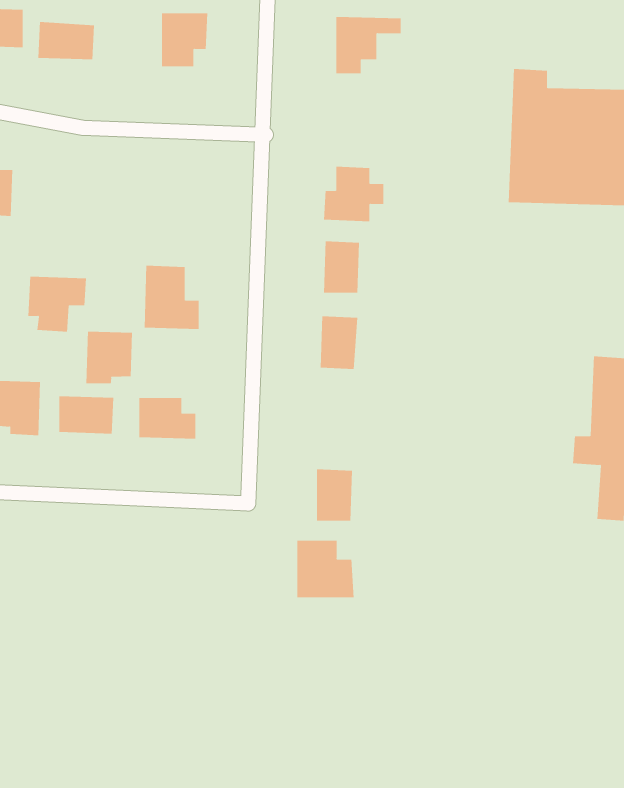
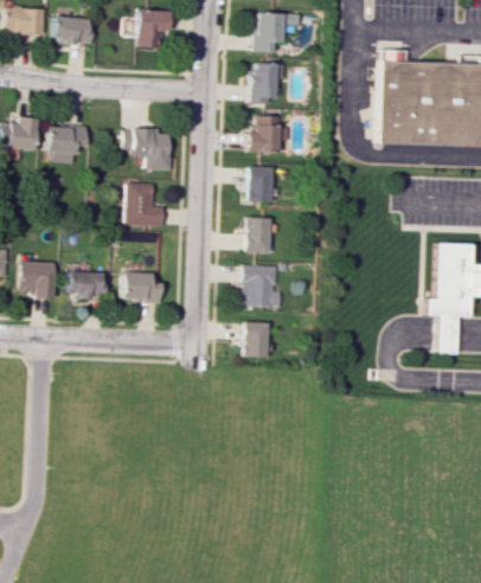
building: none -> [252,63,278,102]
building: none -> [126,128,172,169]
building: [28,276,87,332] -> [49,126,89,164]
building: [86,331,132,384] -> none
building: none -> [244,265,283,306]
building: [297,540,354,598] -> none

